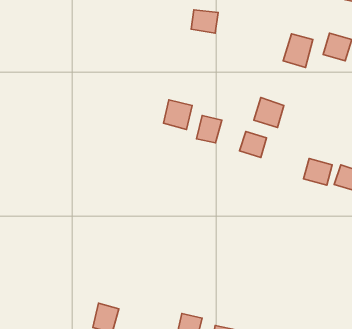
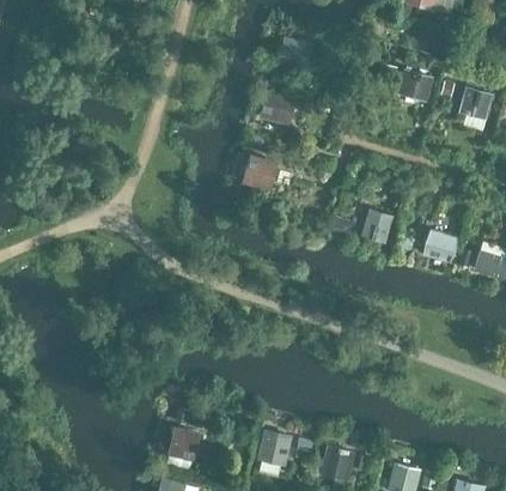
building: none -> [262,89,297,121]
building: [254,98,284,127] -> none
building: [197,116,222,143] -> none

